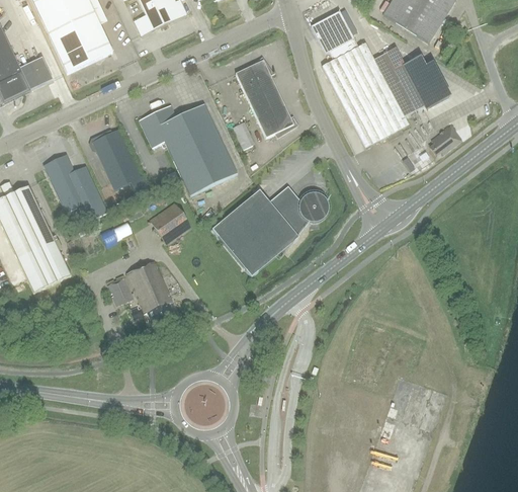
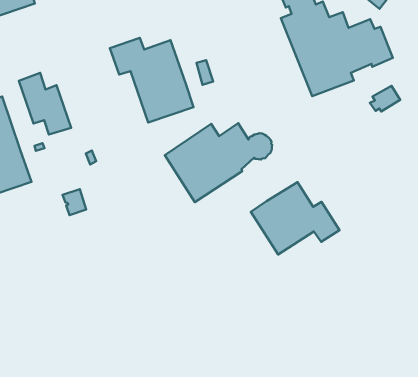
building: [235,57,297,137] -> none
building: [91,129,152,199] -> none
building: [148,200,190,243] -> none
building: none -> [251,182,339,255]
building: [125,261,172,322] -> none

